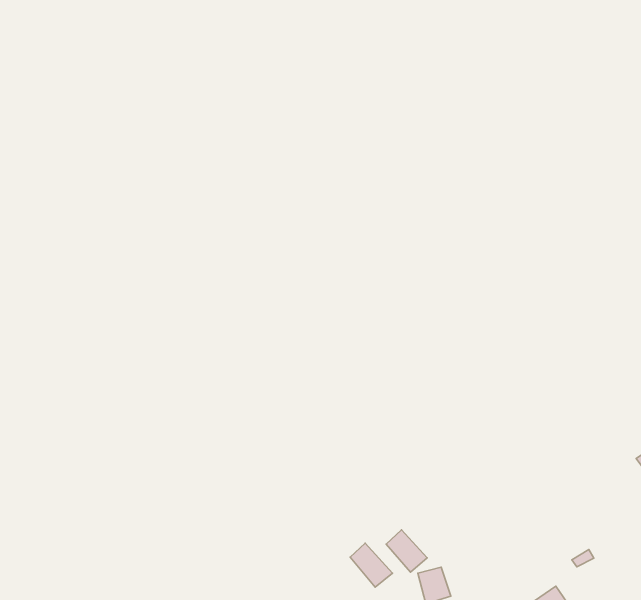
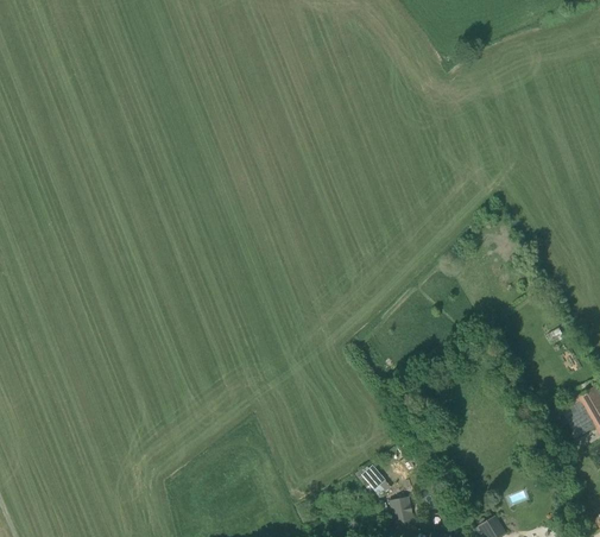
building: [350,543,393,587] -> none

